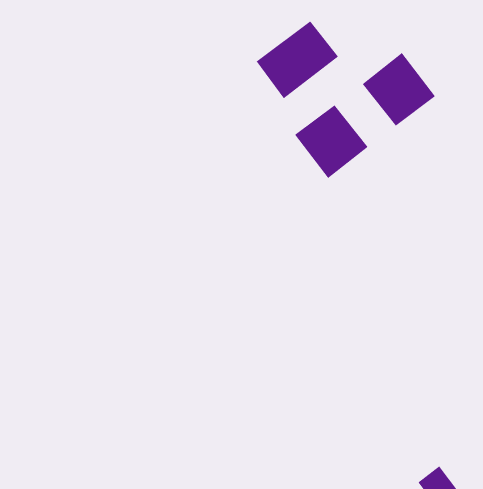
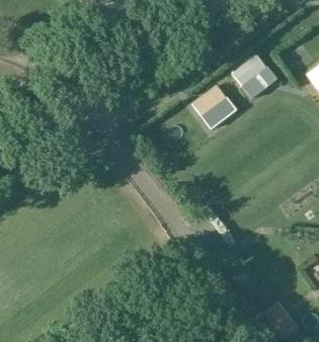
building: [256,21,339,99] -> none

